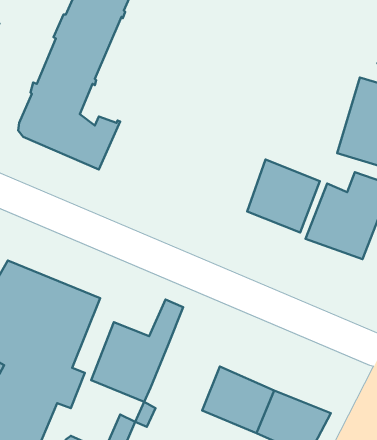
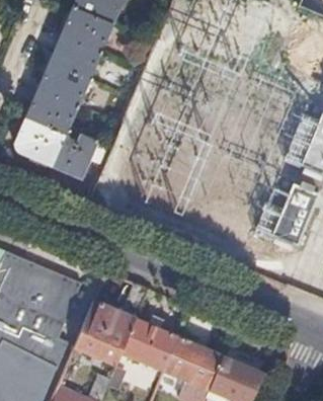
building: [247,160,320,232] -> none
building: none -> [123,319,178,372]

